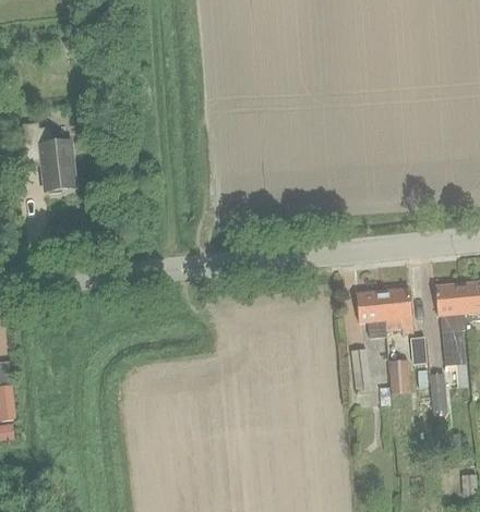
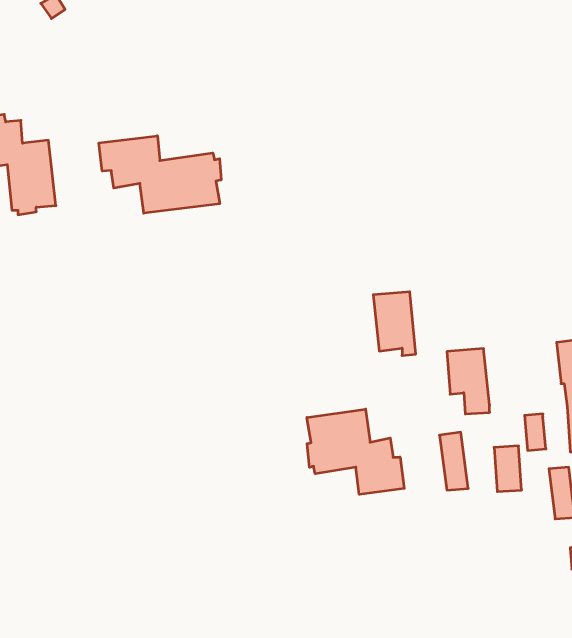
building: none -> [99,136,221,213]
building: [382,287,412,332] -> [373,292,416,356]
building: none -> [307,409,404,494]

